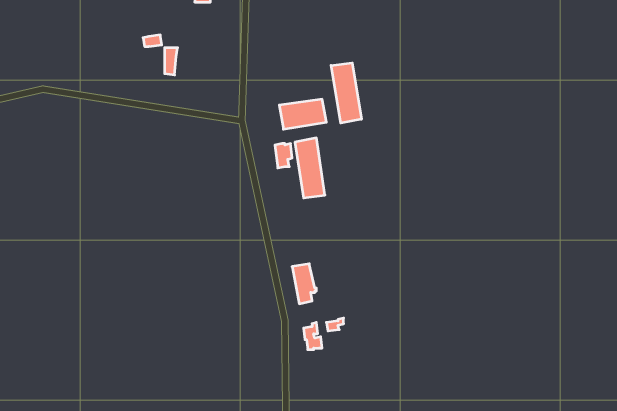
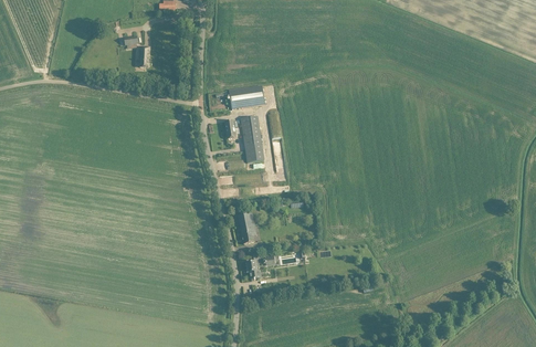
building: [331,63,361,123] -> none

